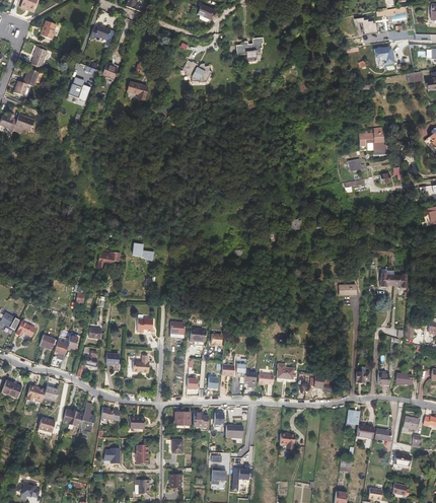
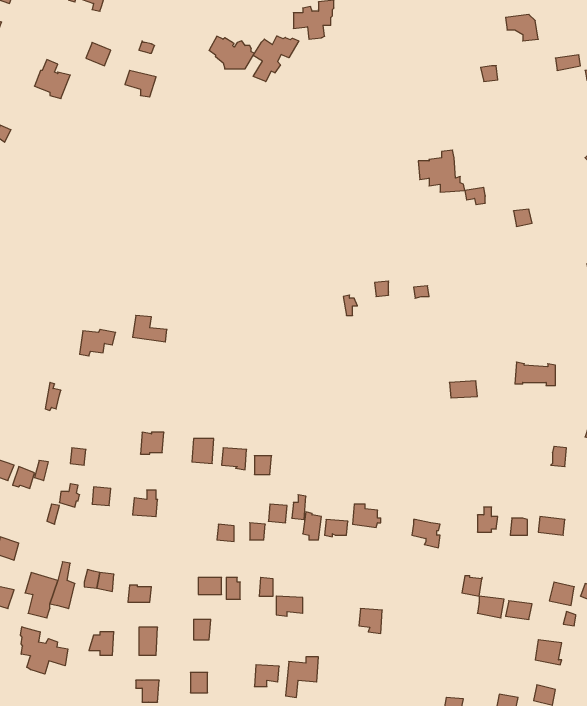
building: none -> [253,36,299,82]
building: [358,127,388,154] -> [418,150,465,192]
building: none -> [21,627,68,674]

